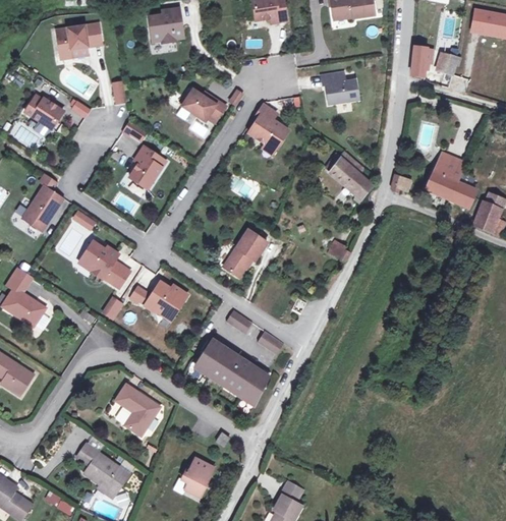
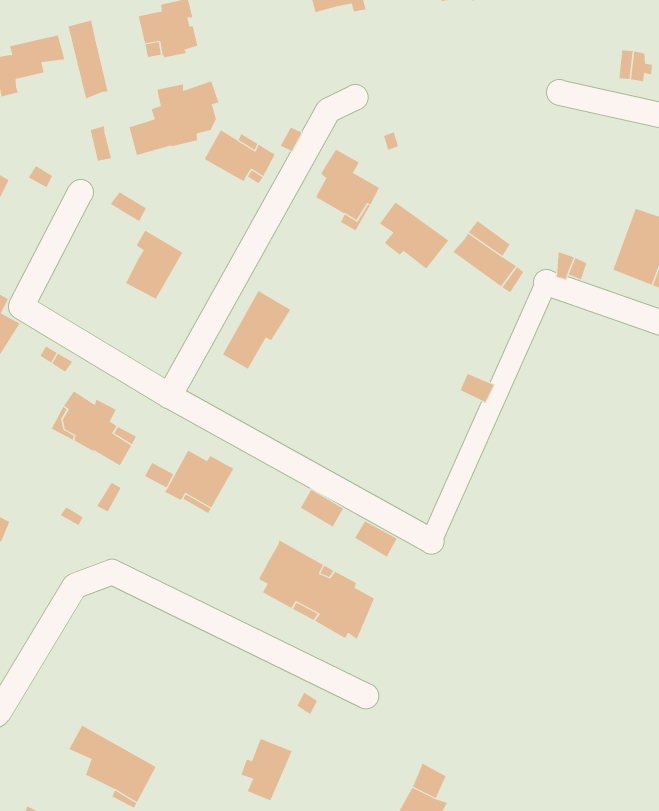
building: none -> [68,20,108,99]
building: [410,46,430,76] -> none
building: none -> [129,81,219,156]
building: [322,71,358,104] -> none
building: none -> [379,202,449,270]
building: [224,229,268,277] -> [222,290,291,370]
building: [114,385,158,433] -> none

